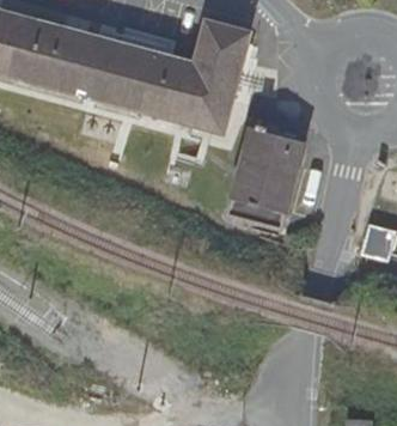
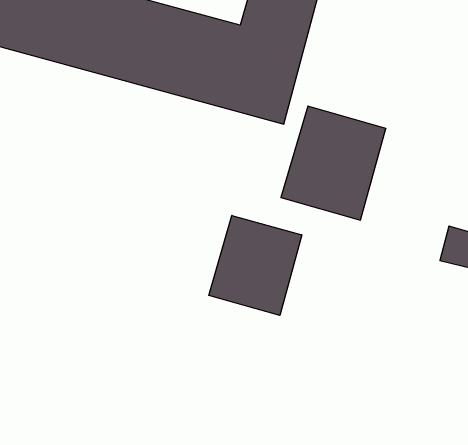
building: none -> [209,215,302,315]

